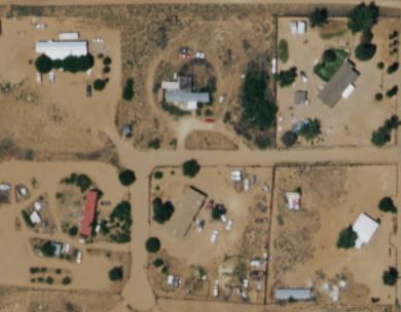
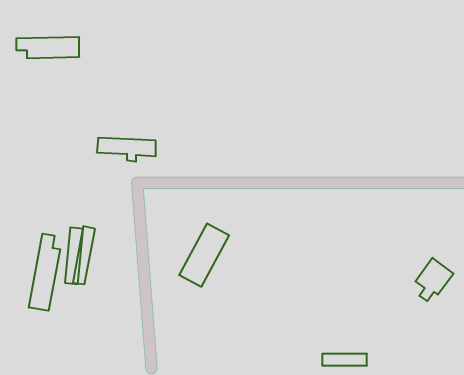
building: [317,64,354,106] -> none
building: [166,88,212,107] -> [97,138,156,162]
building: none -> [29,234,60,311]

